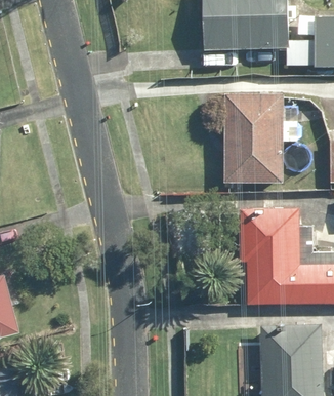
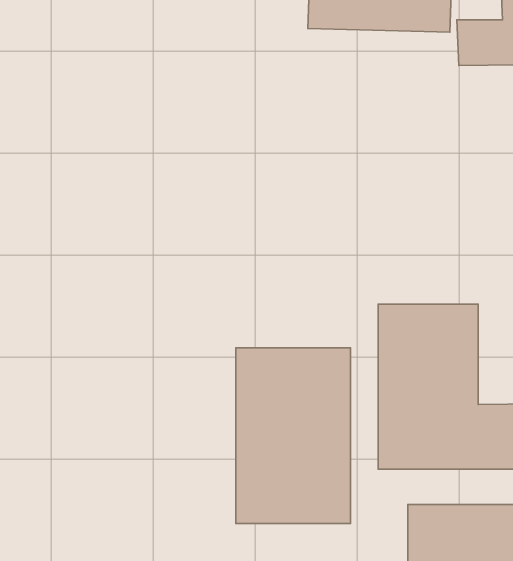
building: [222,94,297,183] -> none
building: none -> [236,348,351,524]

